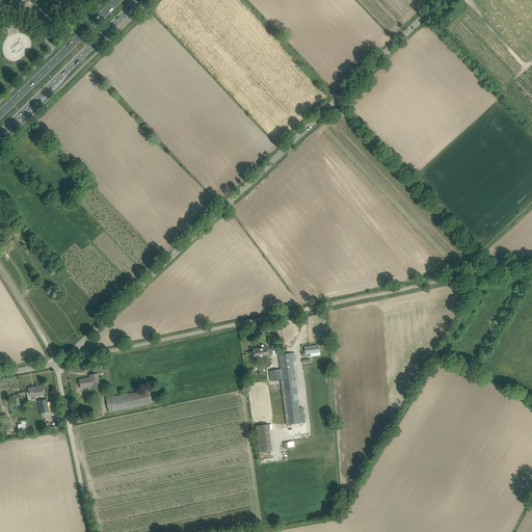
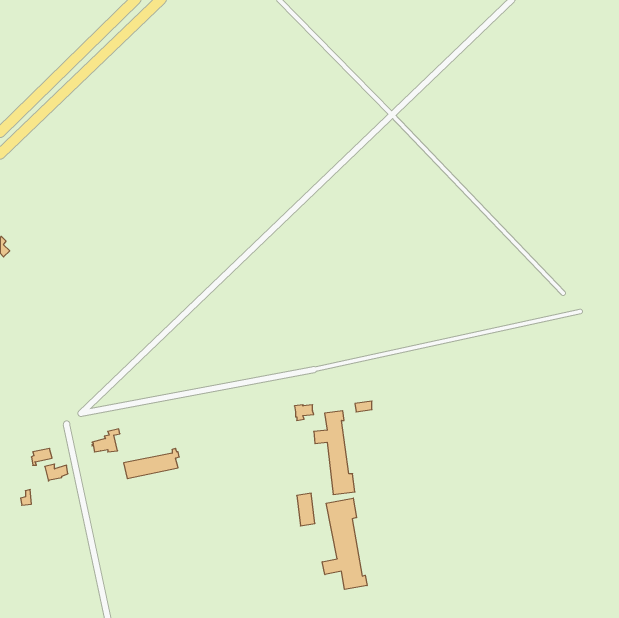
building: none -> [322,498,367,589]

